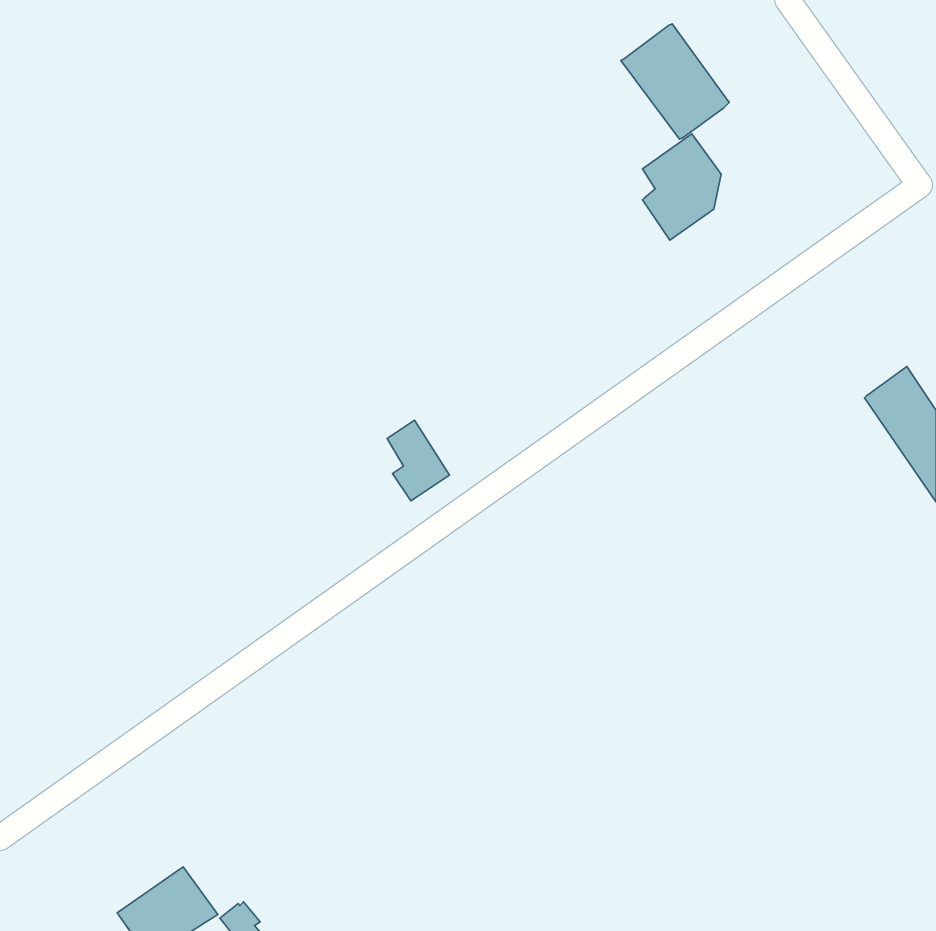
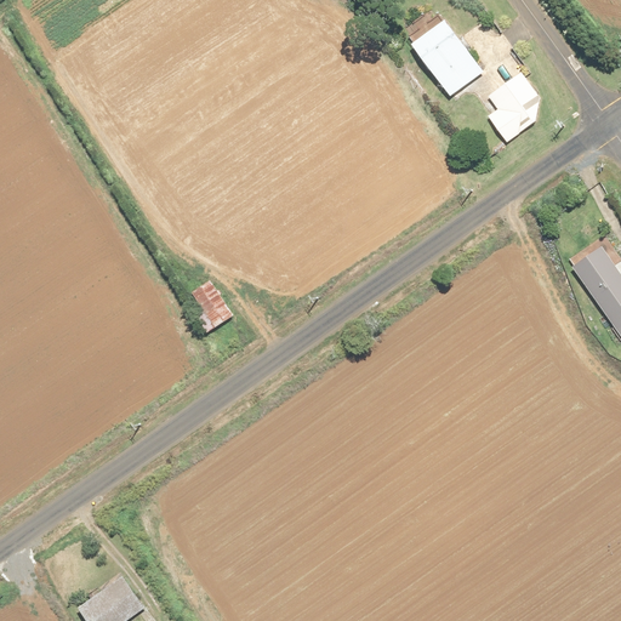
building: [642,134,721,240] -> [489,73,541,143]
building: [387,420,449,501] -> [192,280,233,334]

